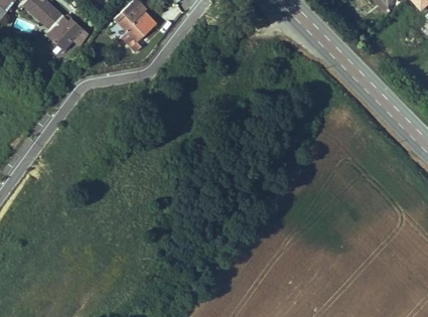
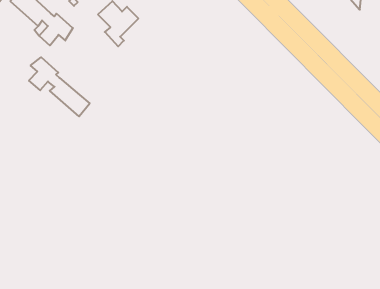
building: none -> [29,57,90,116]

